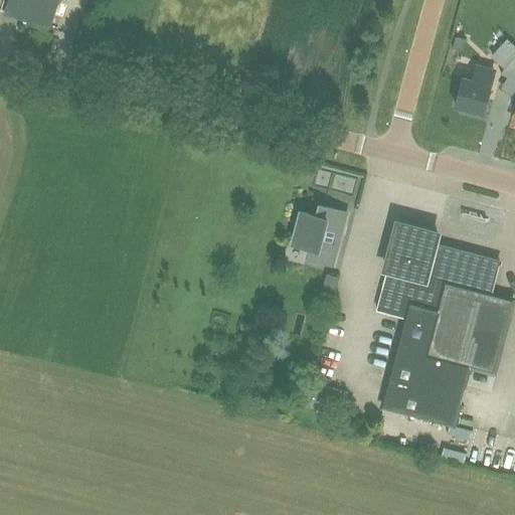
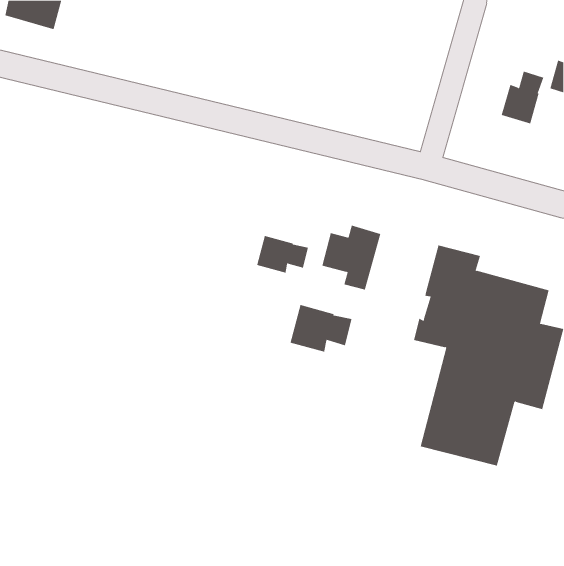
building: none -> [257,235,308,273]
building: none -> [290,304,352,353]

